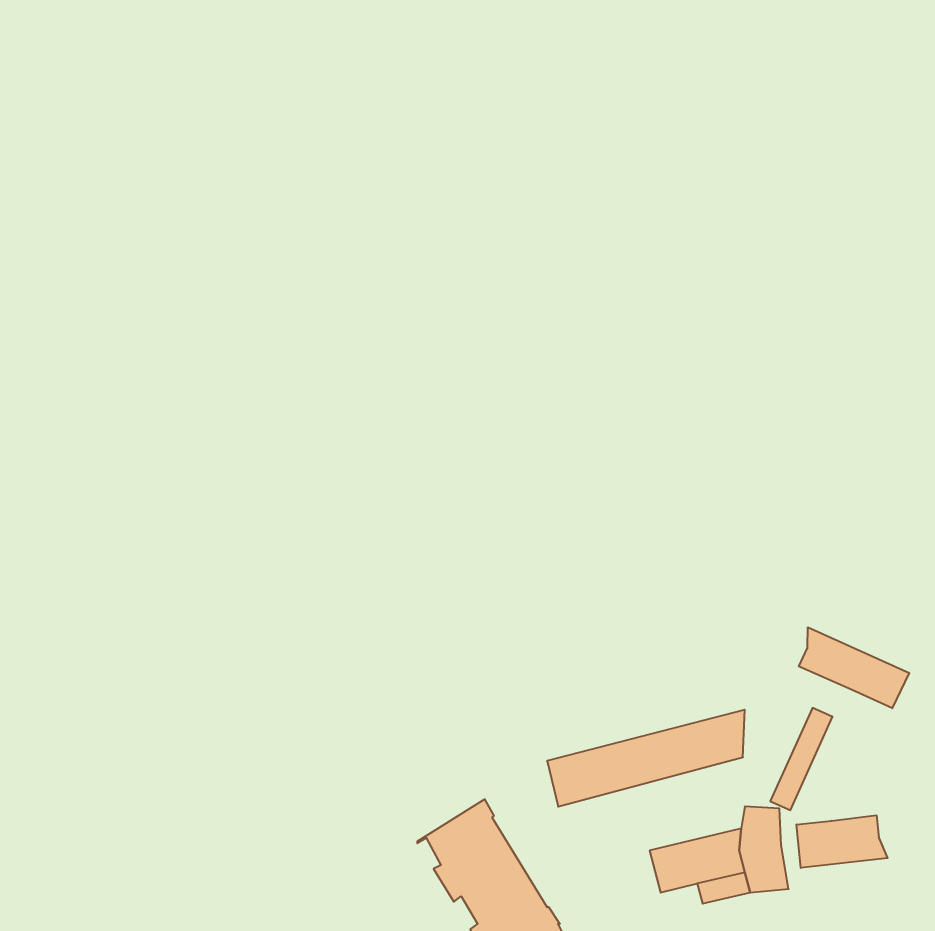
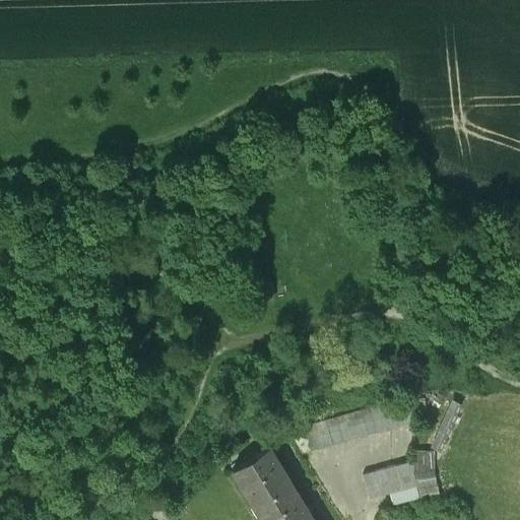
building: [799,627,909,708] -> none
building: [797,815,888,868] -> none

